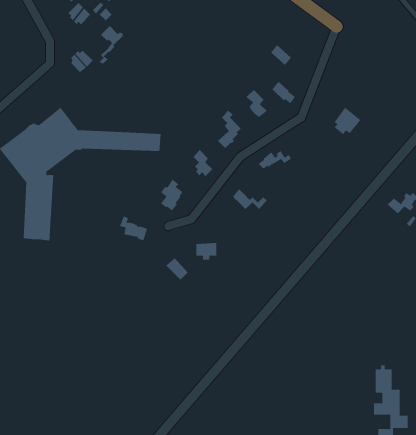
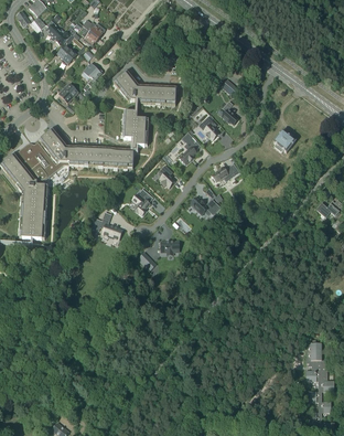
building: none -> [115,72,176,151]

